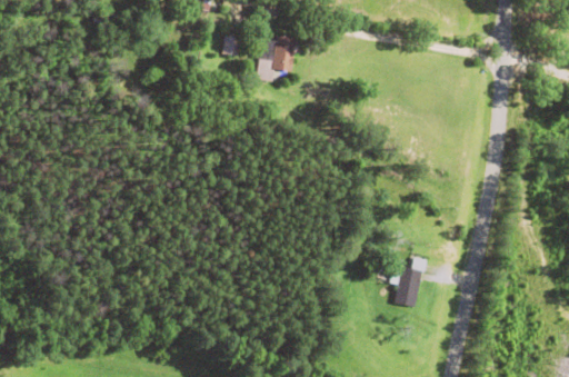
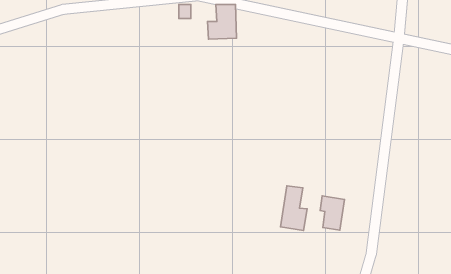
building: none -> [280,186,307,230]

